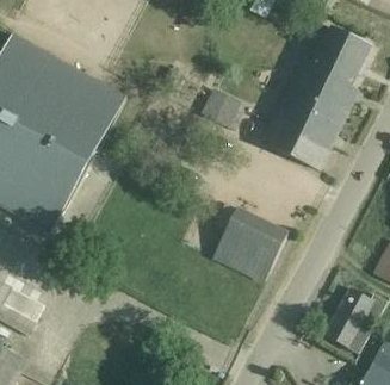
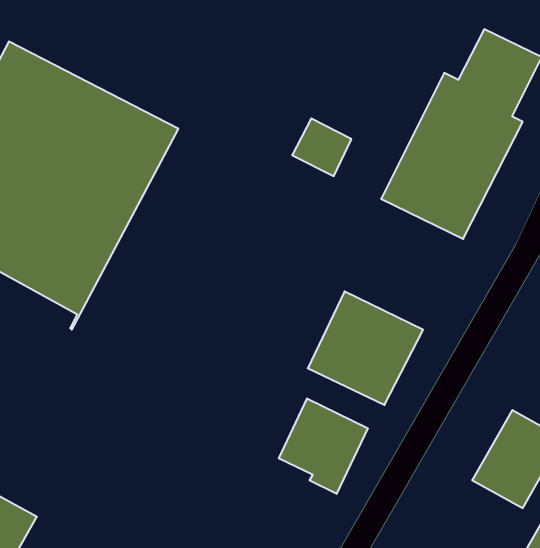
building: none -> [279,398,368,494]

